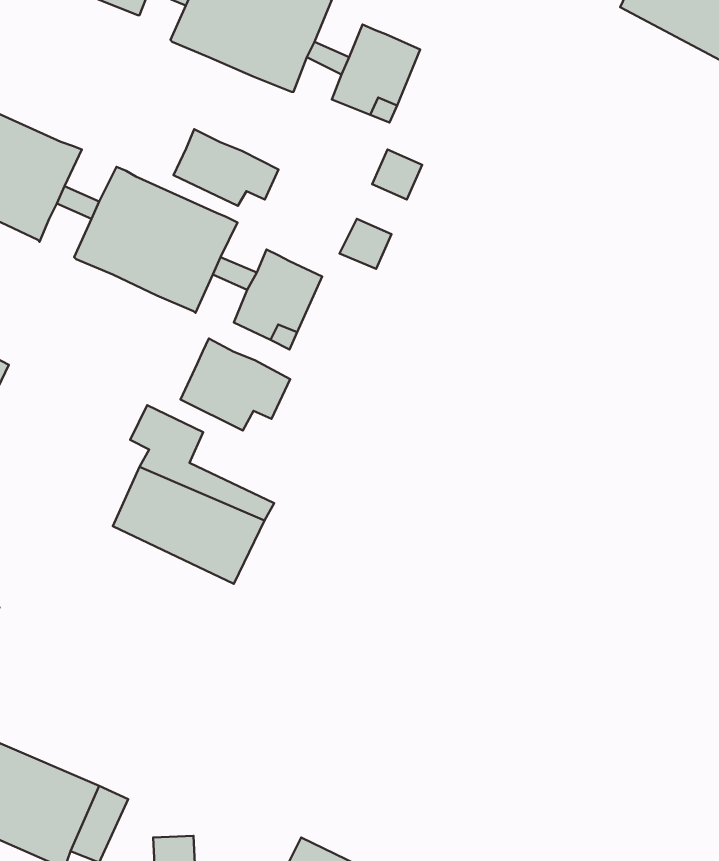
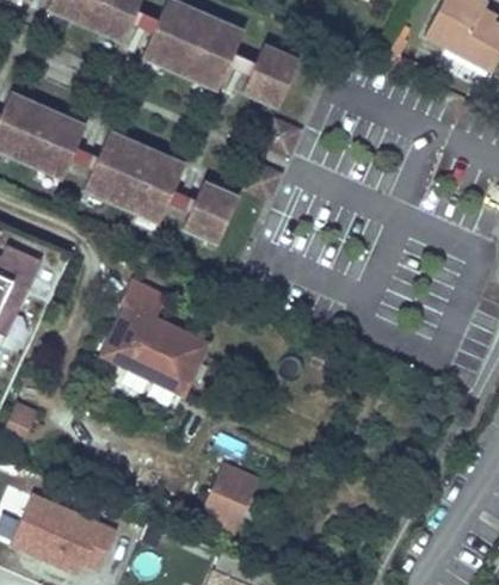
building: [174,129,279,206] -> none
building: [180,338,290,430] -> none
building: none -> [199,460,258,530]

